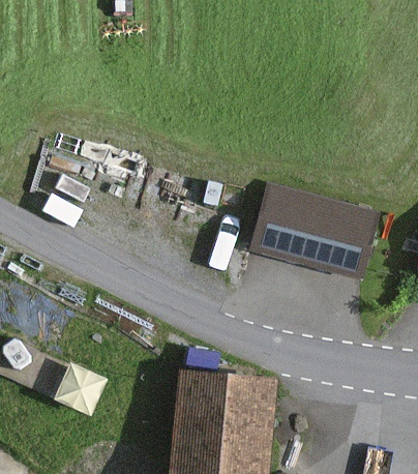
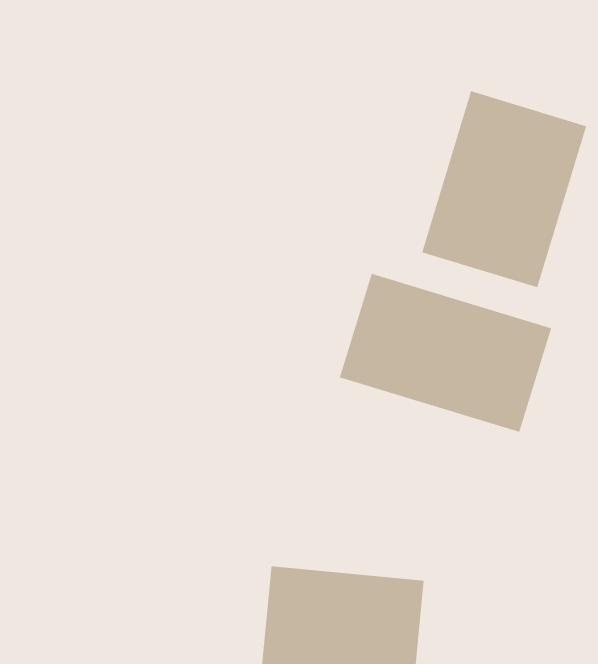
building: none -> [421,90,587,288]

